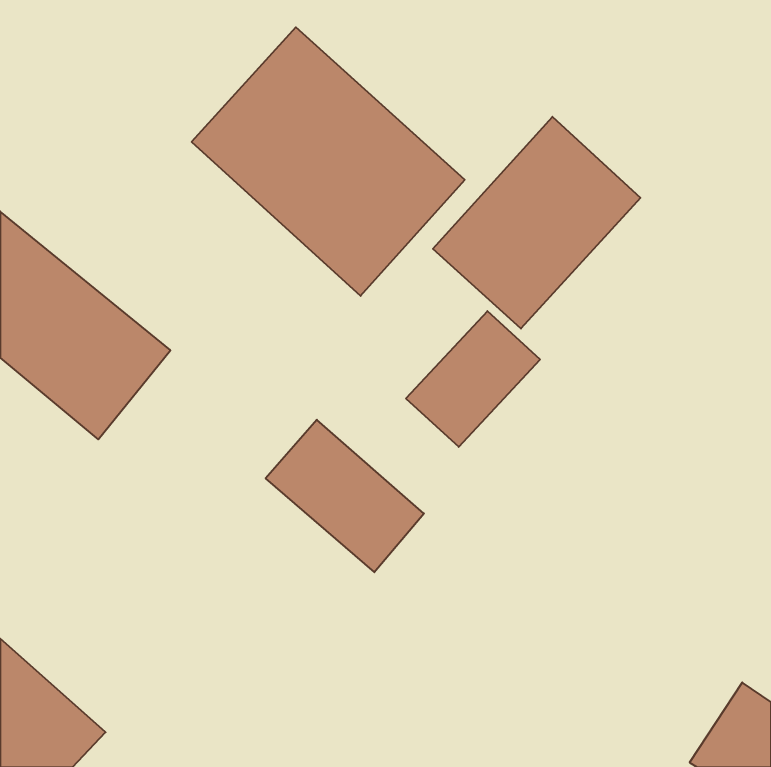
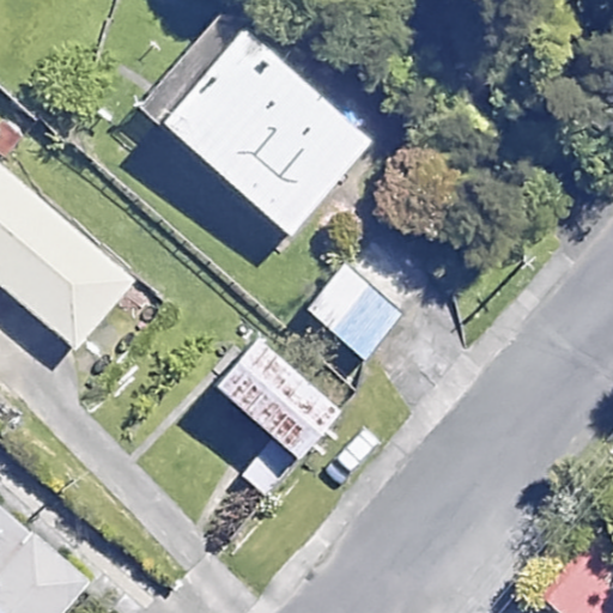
building: [433,117,640,329] -> none

